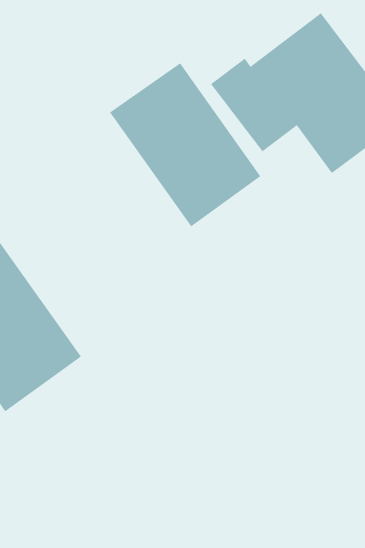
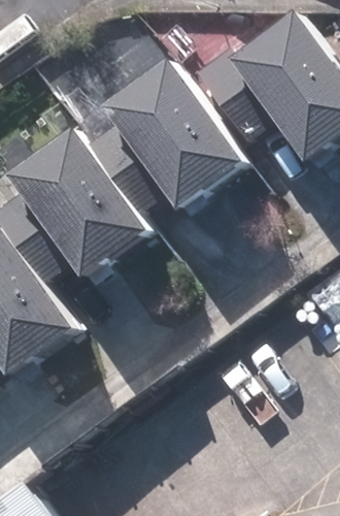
building: none -> [8,121,155,281]

